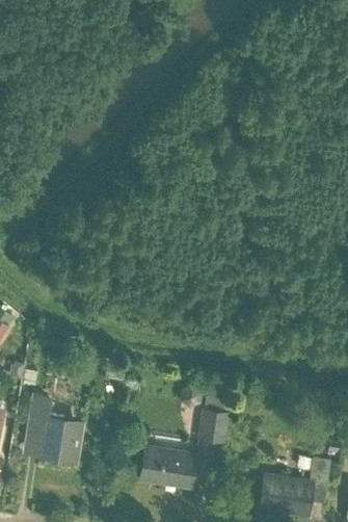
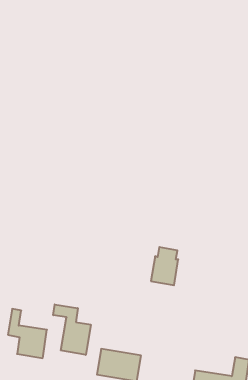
building: none -> [53,304,91,355]
building: [196,396,231,444] -> [151,247,178,285]

